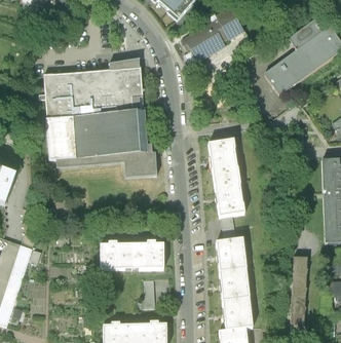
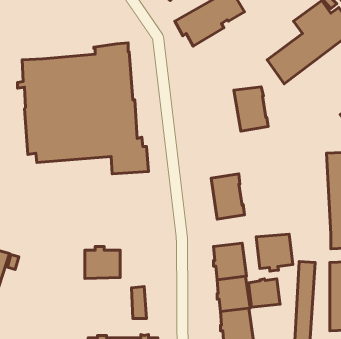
building: [209,140,239,180] -> [234,87,268,131]
building: none -> [256,234,293,271]
building: [132,240,165,269] -> none
building: none -> [248,279,280,307]

